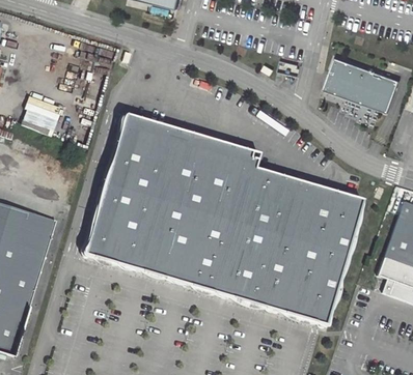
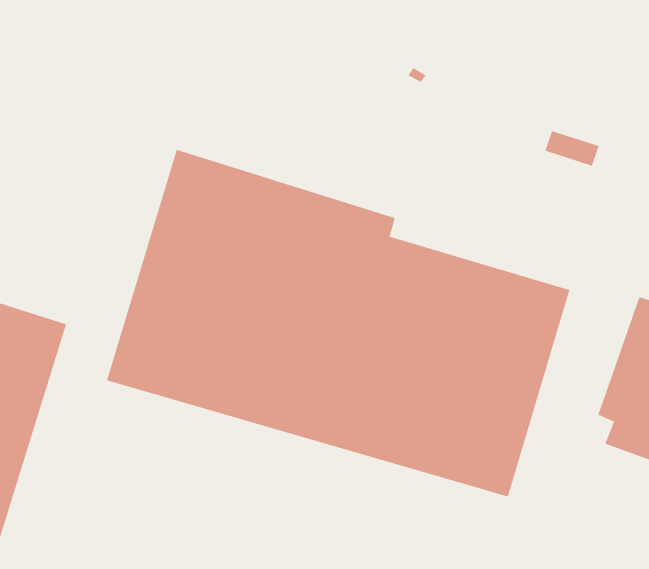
building: [323,57,400,113] -> none

